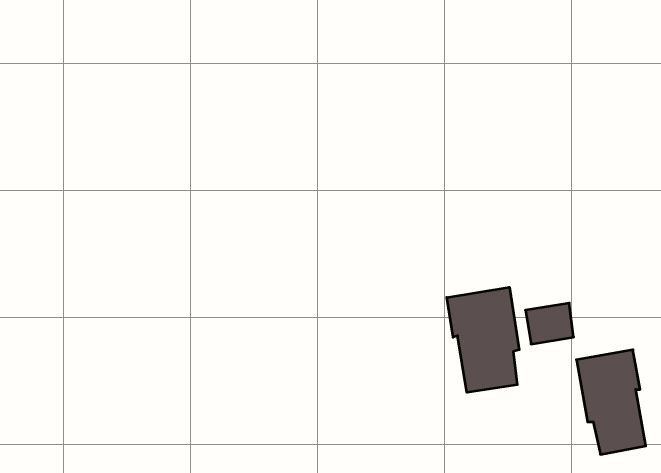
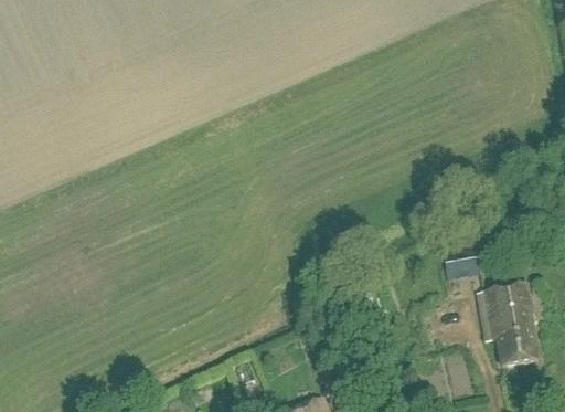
building: [447,287,519,392] -> none

